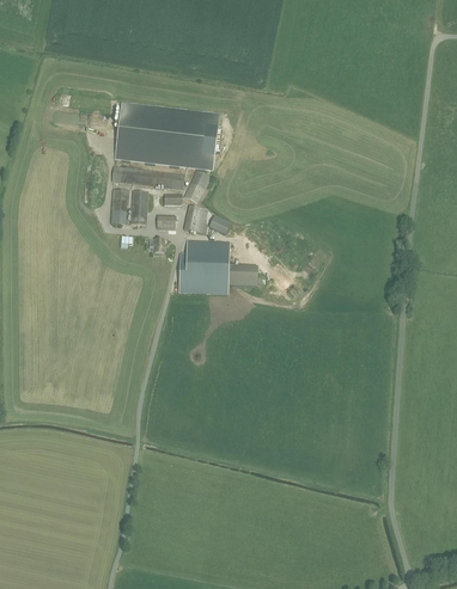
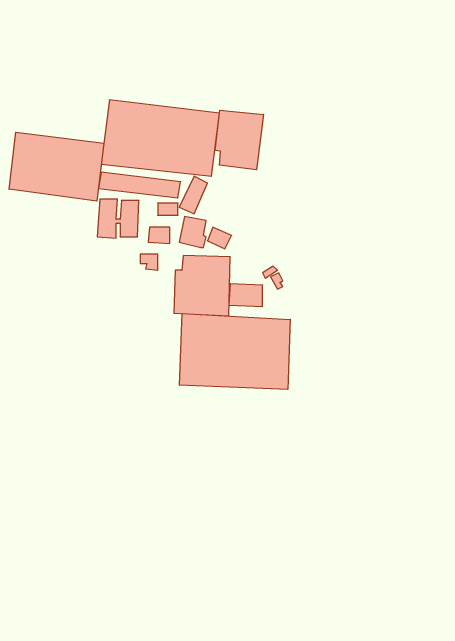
building: none -> [215,110,263,170]
building: none -> [9,132,104,201]
building: none -> [180,314,290,389]

